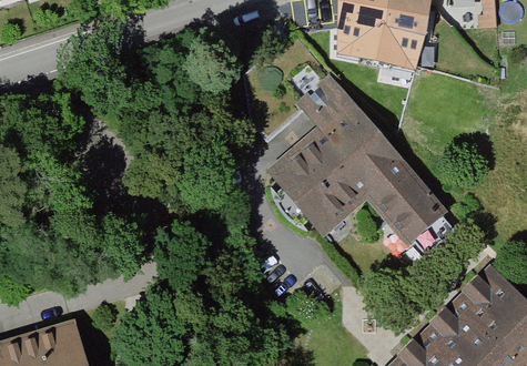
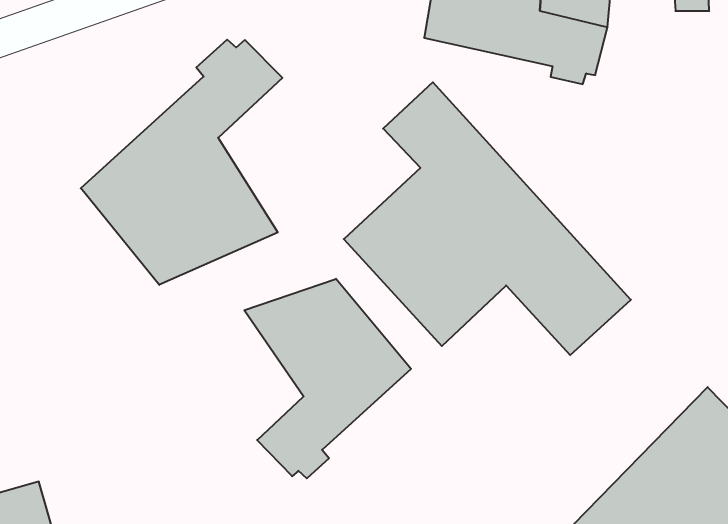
building: none -> [81,40,282,285]
building: none -> [244,279,411,478]

